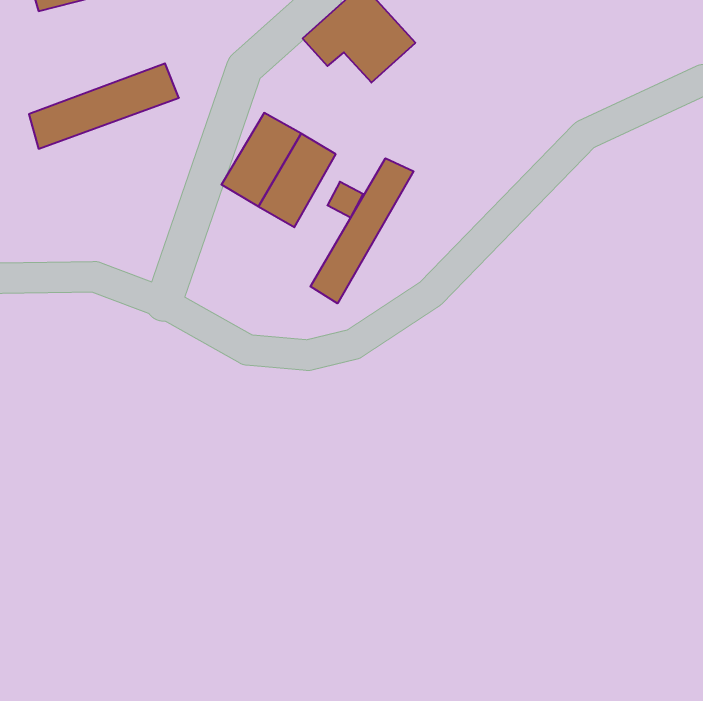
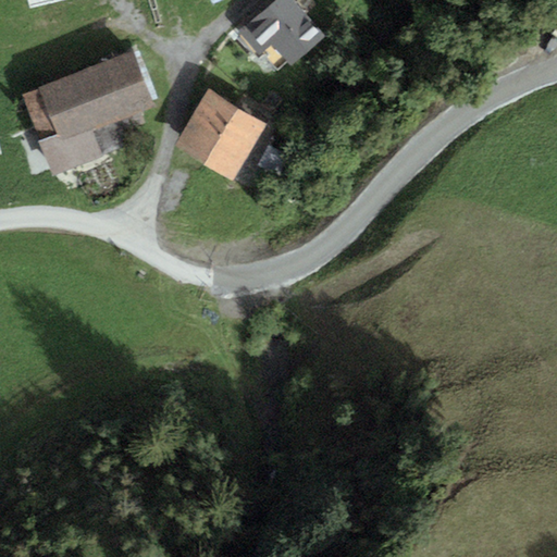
building: none -> [30,77,152,172]
building: [310,158,414,303] -> none

